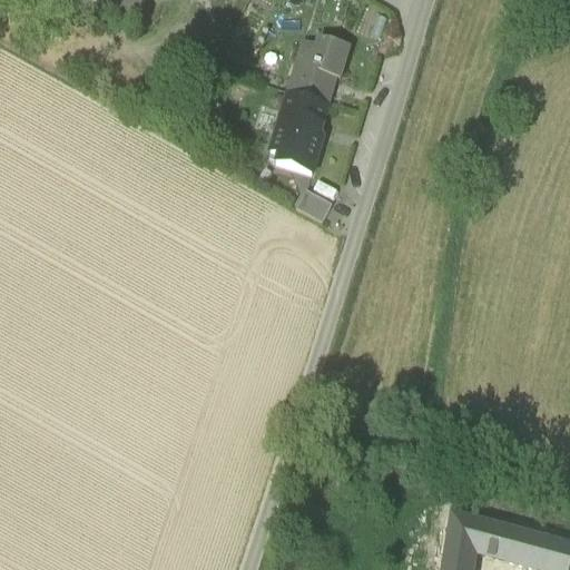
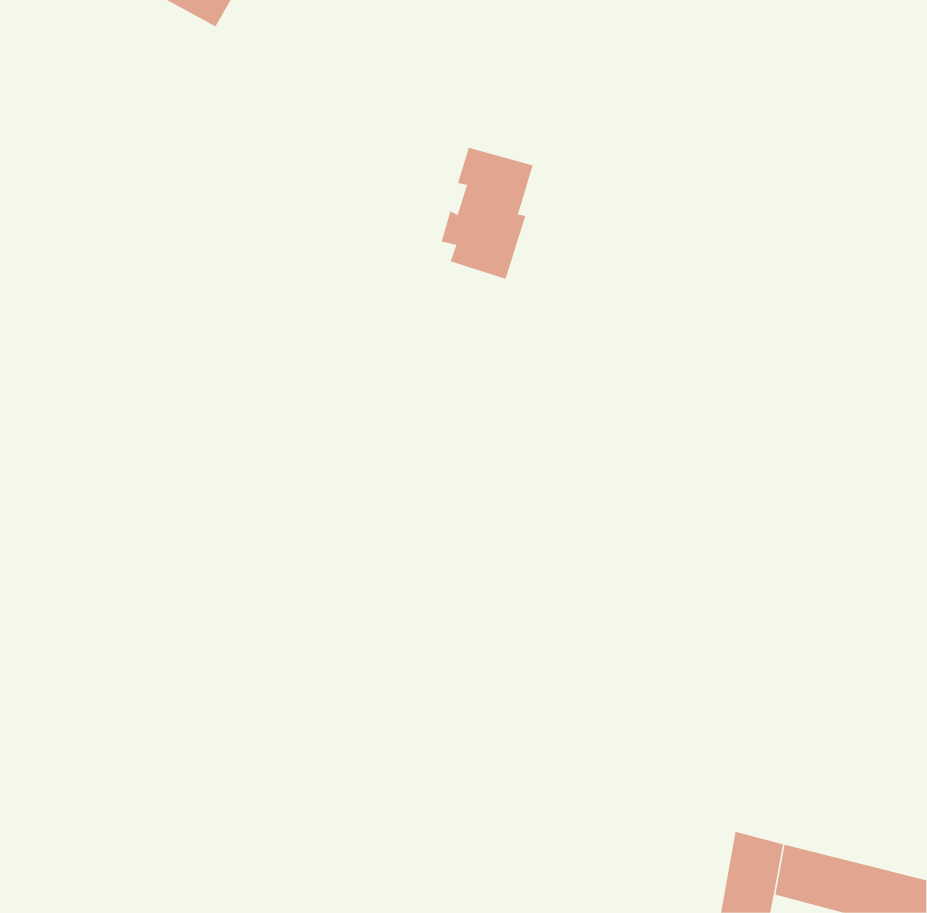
building: [287,35,348,101] -> none
building: [296,187,332,220] -> none

